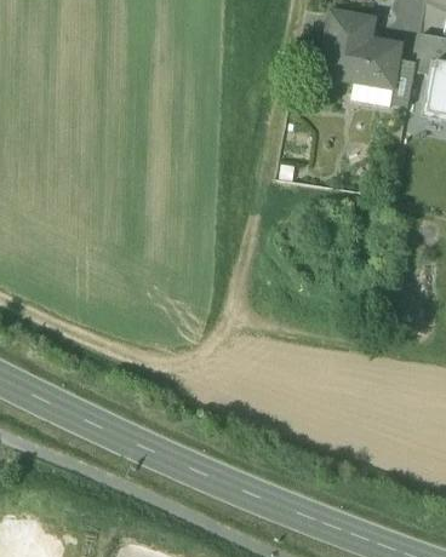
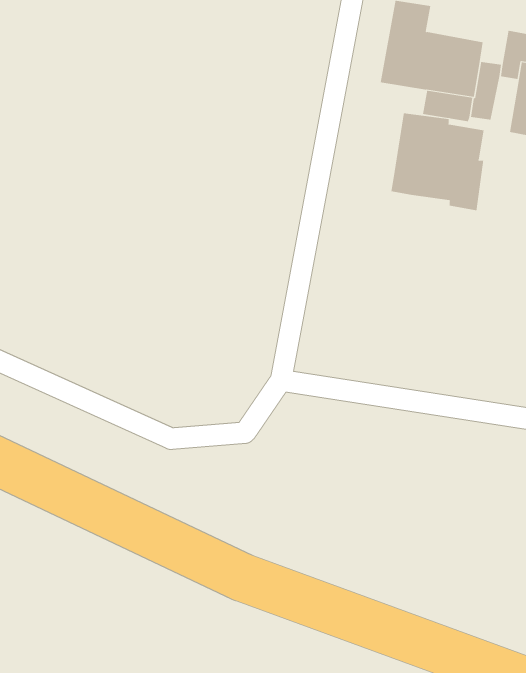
building: none -> [391,112,484,211]

